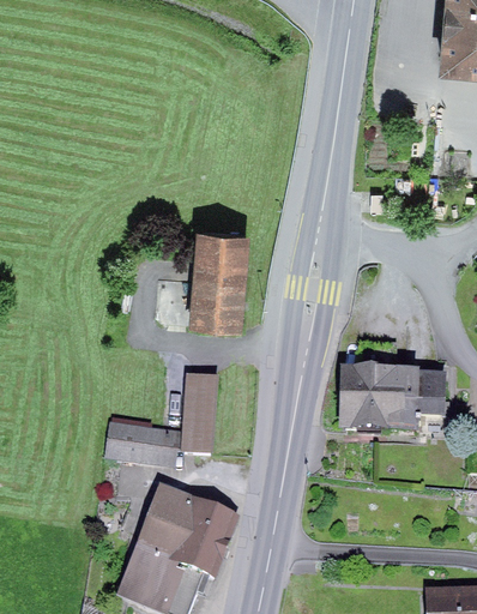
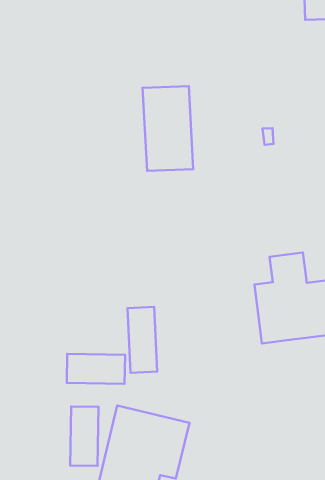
building: [188,225,249,327] -> [143,86,193,171]
building: none -> [70,406,99,466]

